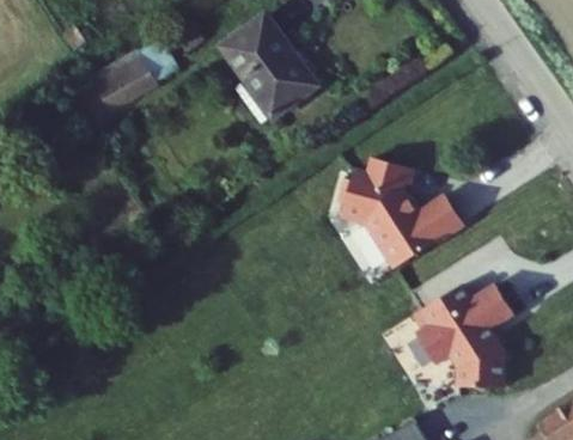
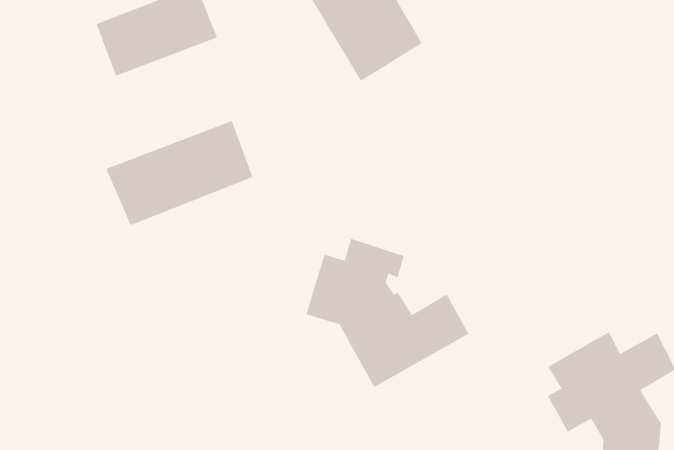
building: none -> [105,120,253,226]
building: [349,157,471,267] -> [306,238,469,388]

